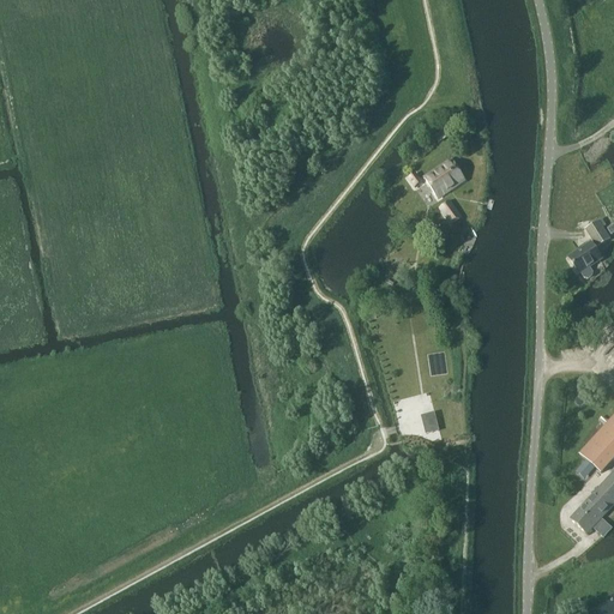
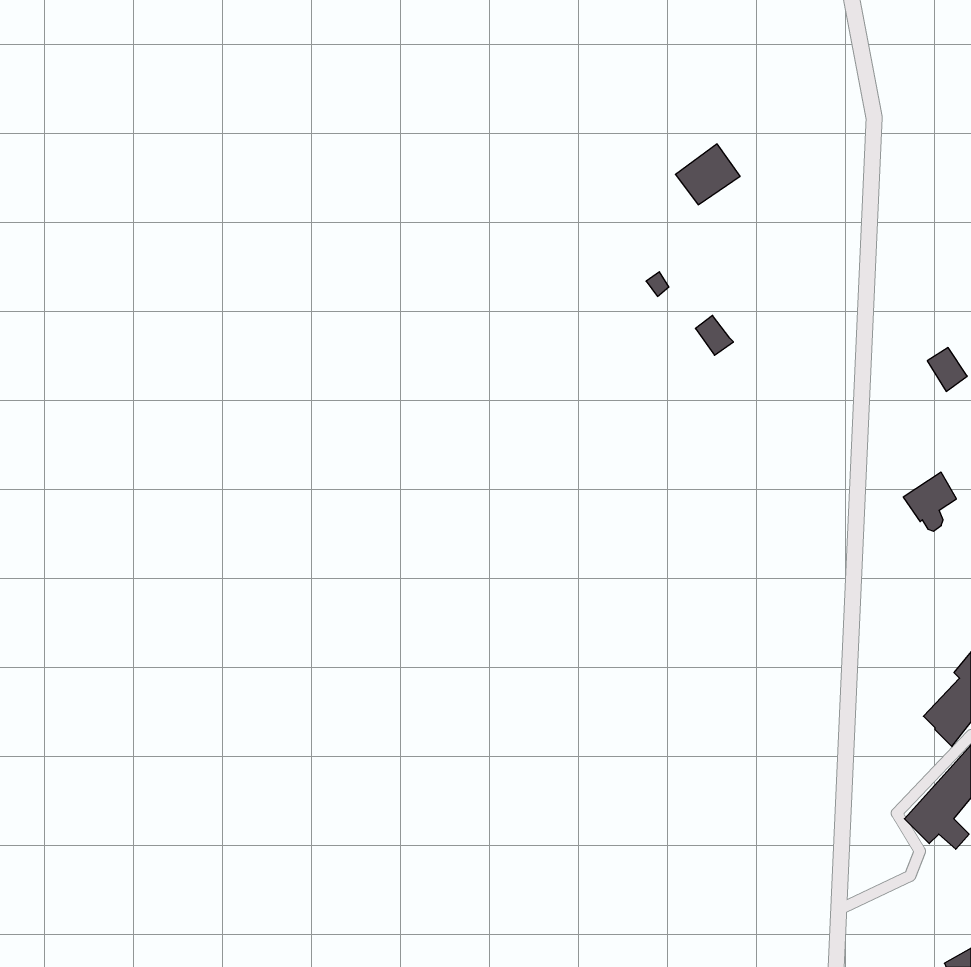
building: [423,158,464,197] -> [675,144,740,205]
building: [568,241,602,278] -> [903,472,956,531]

